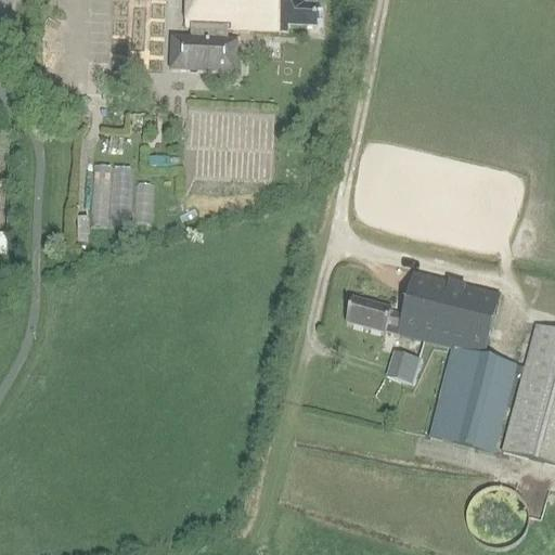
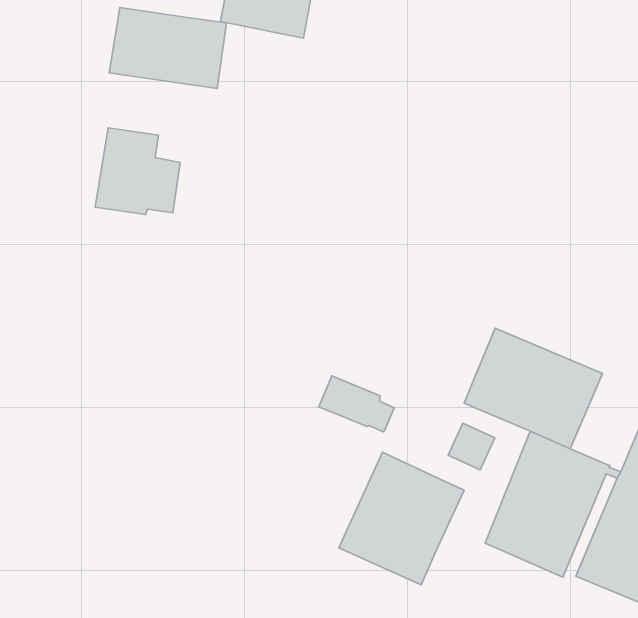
building: none -> [109,8,226,88]
building: [345,296,402,333] -> [319,376,394,432]
building: none -> [339,452,464,585]

